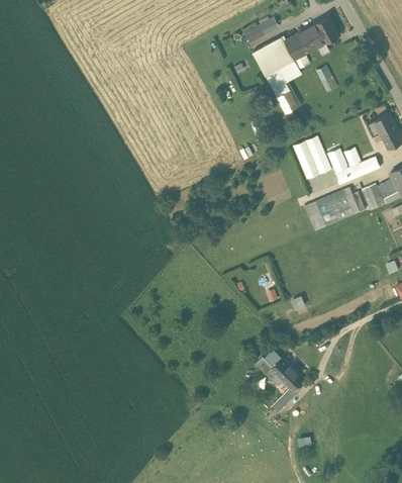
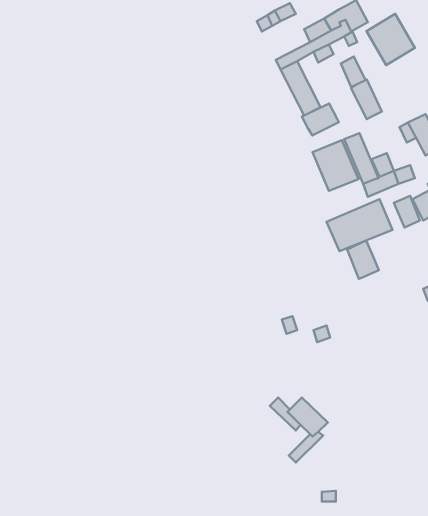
building: none -> [367,14,415,65]
building: [253,36,289,67] -> none
building: none -> [351,79,382,119]
building: none -> [302,103,339,136]
building: none -> [347,240,379,279]

